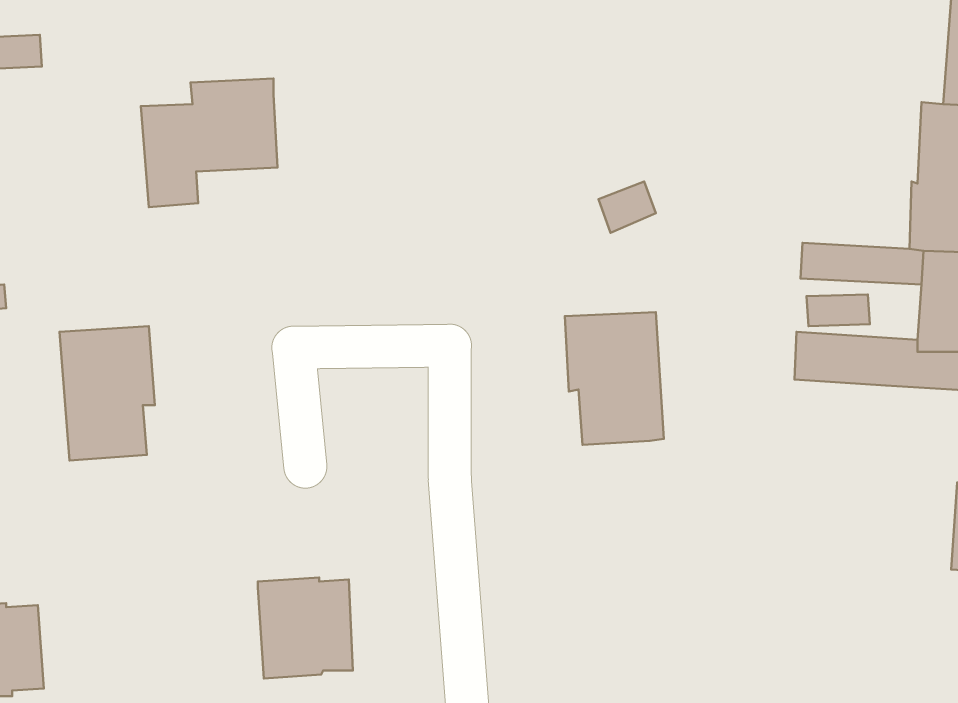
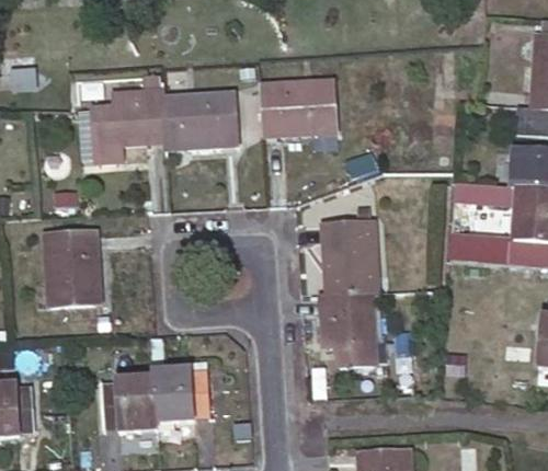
building: none -> [260,79,336,130]
building: none -> [163,90,235,145]
building: none -> [322,290,376,365]
building: none -> [102,371,158,426]

